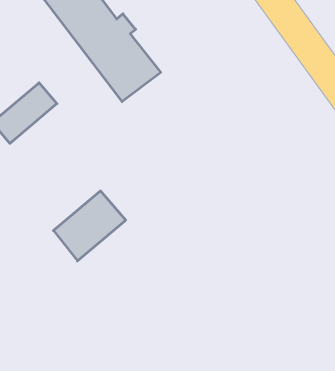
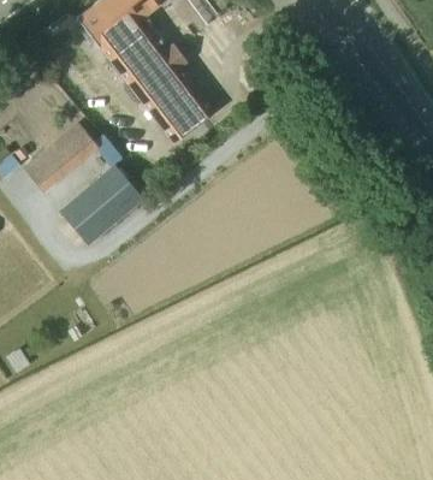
building: [53,191,126,261] -> [61,164,144,244]

